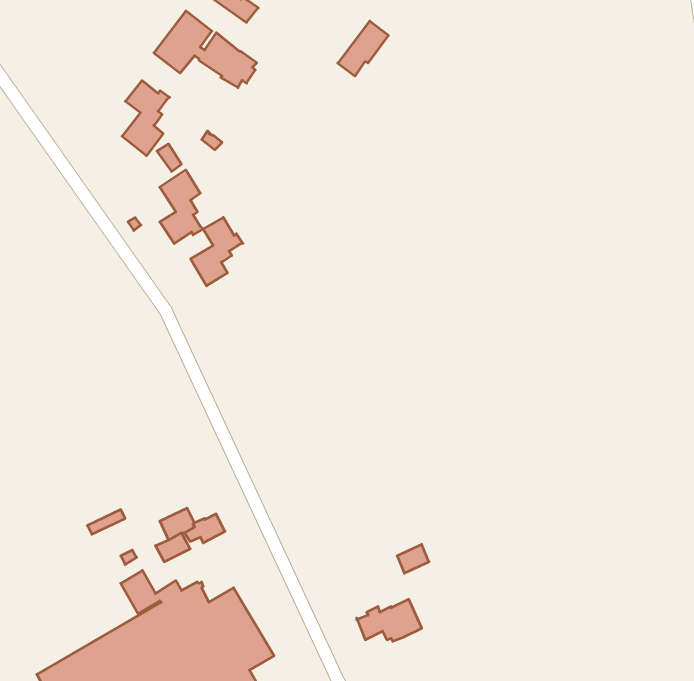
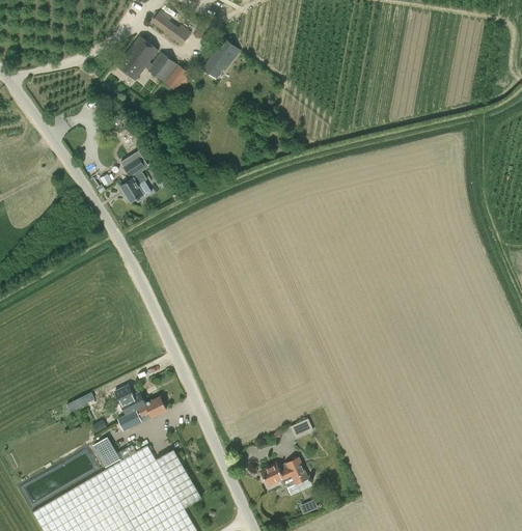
building: [338,21,388,76] -> [202,38,239,78]
building: [122,81,170,156] -> none
building: [191,217,243,286] -> none

